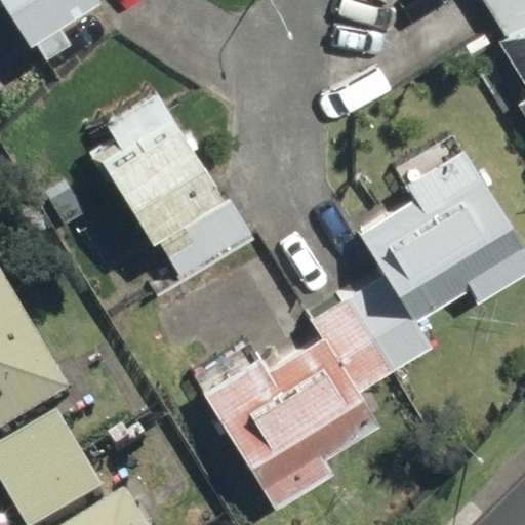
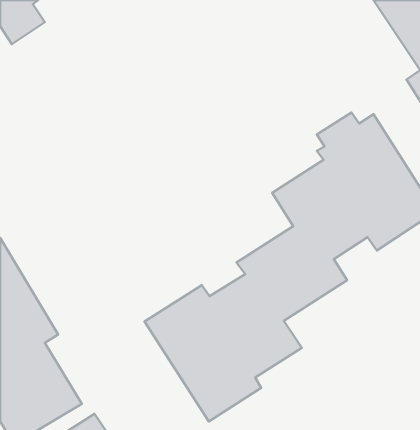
building: [77,88,253,298] -> none

